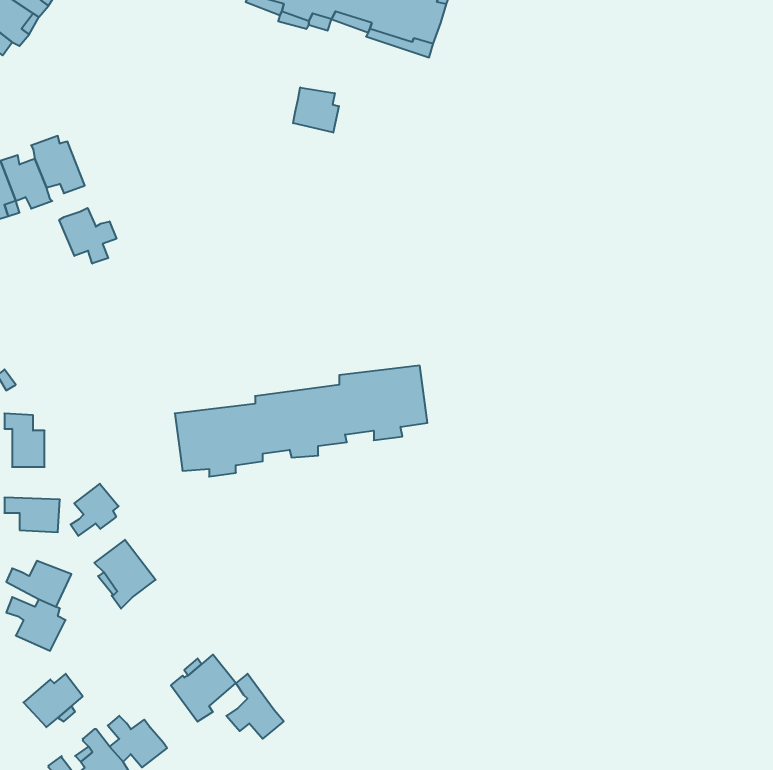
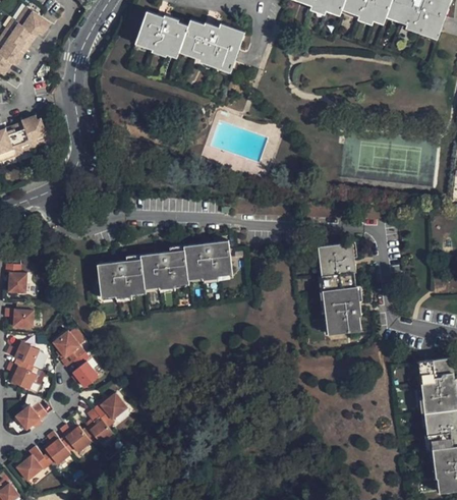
building: [293,87,339,133] -> none
building: [59,208,116,264] -> none
building: none -> [315,240,359,333]
building: [71,484,119,536] -> none
building: none -> [72,352,99,388]
building: [226,674,284,739] -> [82,408,113,443]

